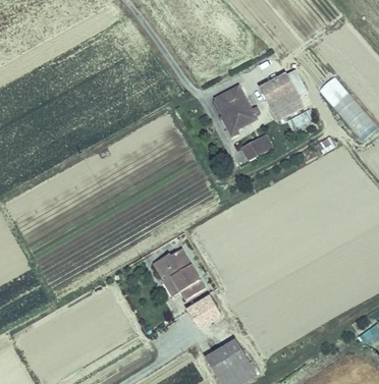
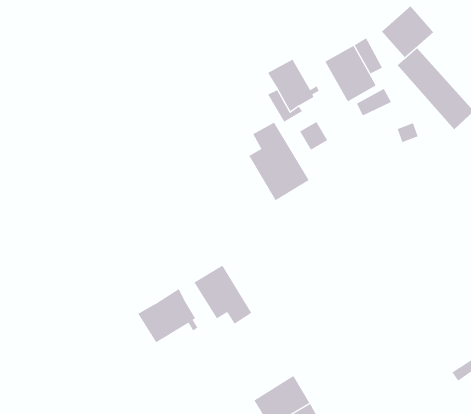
building: none -> [381,6,434,58]
building: none -> [249,122,310,201]
building: none -> [137,288,198,343]
building: [185,297,220,330] -> none

